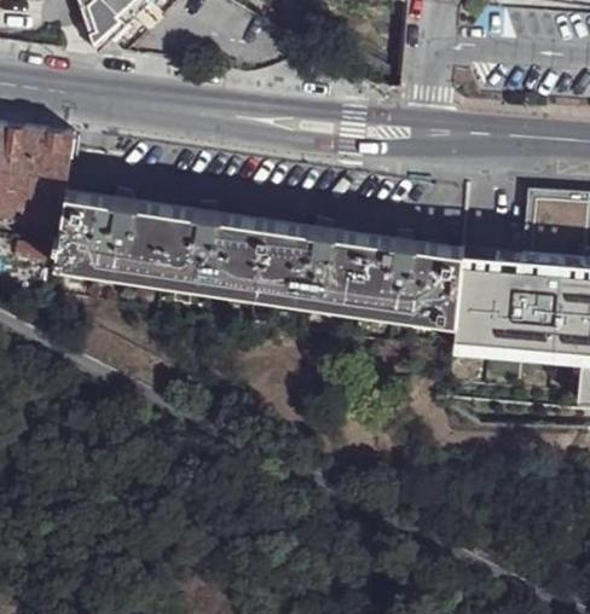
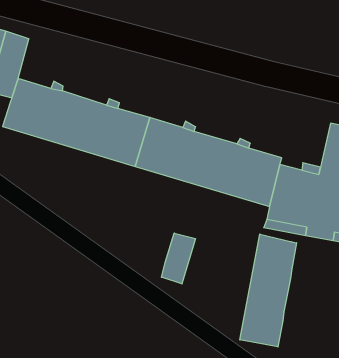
building: none -> [240,234,297,347]
building: none -> [161,233,195,284]

